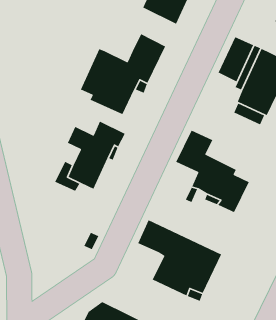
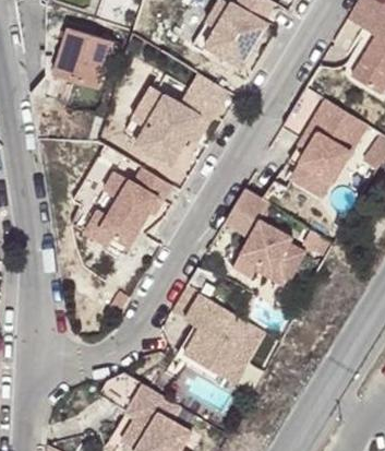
building: none -> [55,28,115,88]

